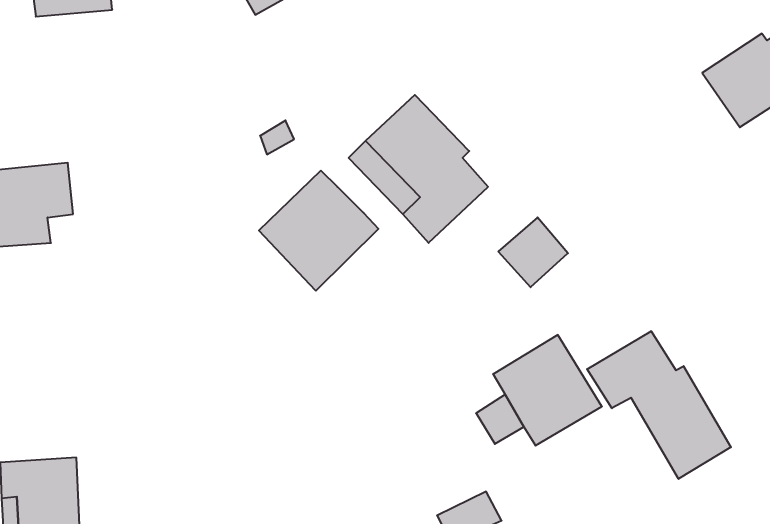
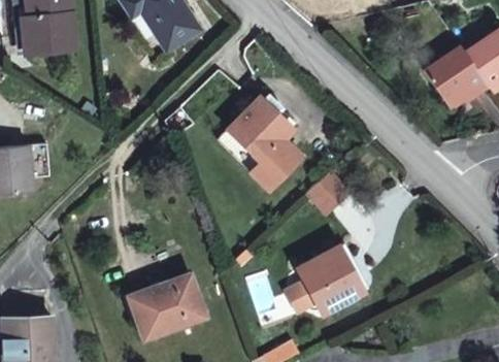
building: [259,171,378,291] -> none
building: [587,331,731,479] -> none
building: none -> [132,275,202,334]

